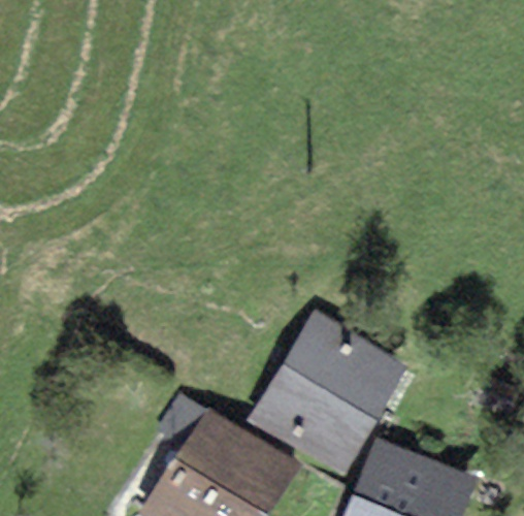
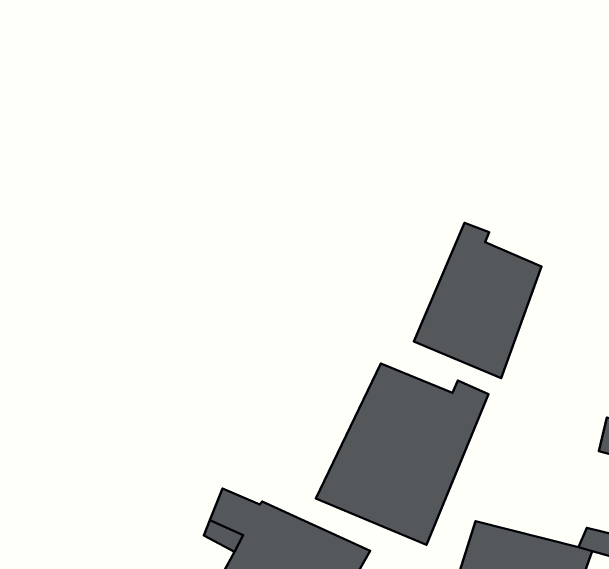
building: none -> [414,223,541,378]

